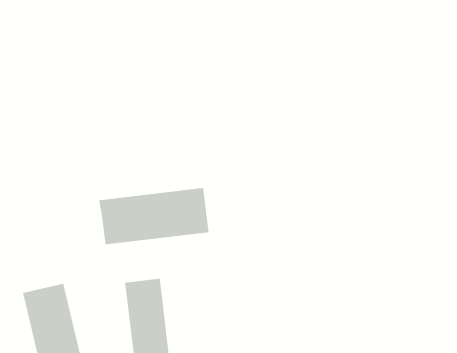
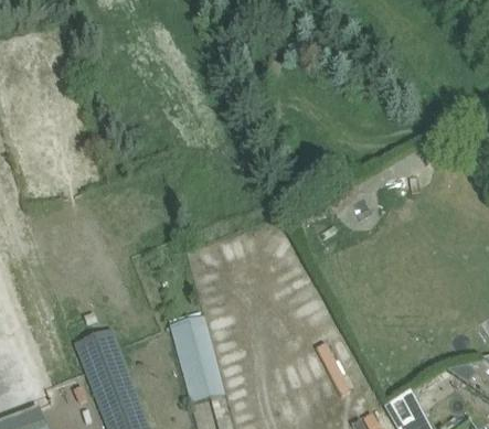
building: [98,187,209,245] -> none

